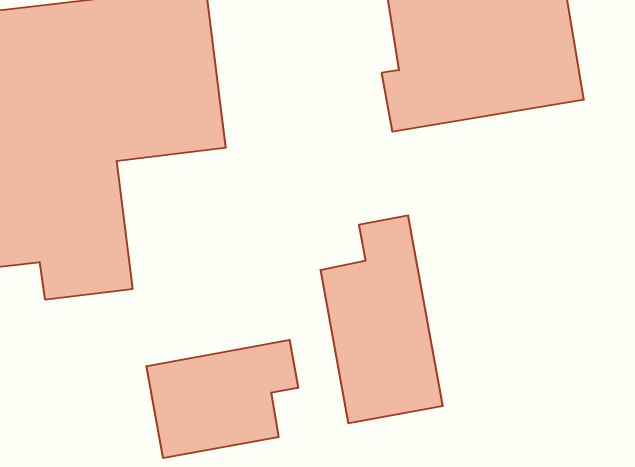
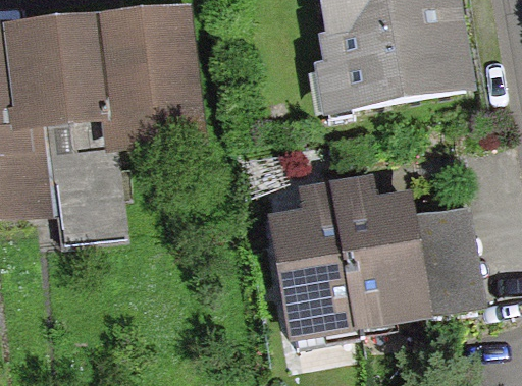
building: none -> [338,171,480,323]
building: [147,340,298,458] -> none

